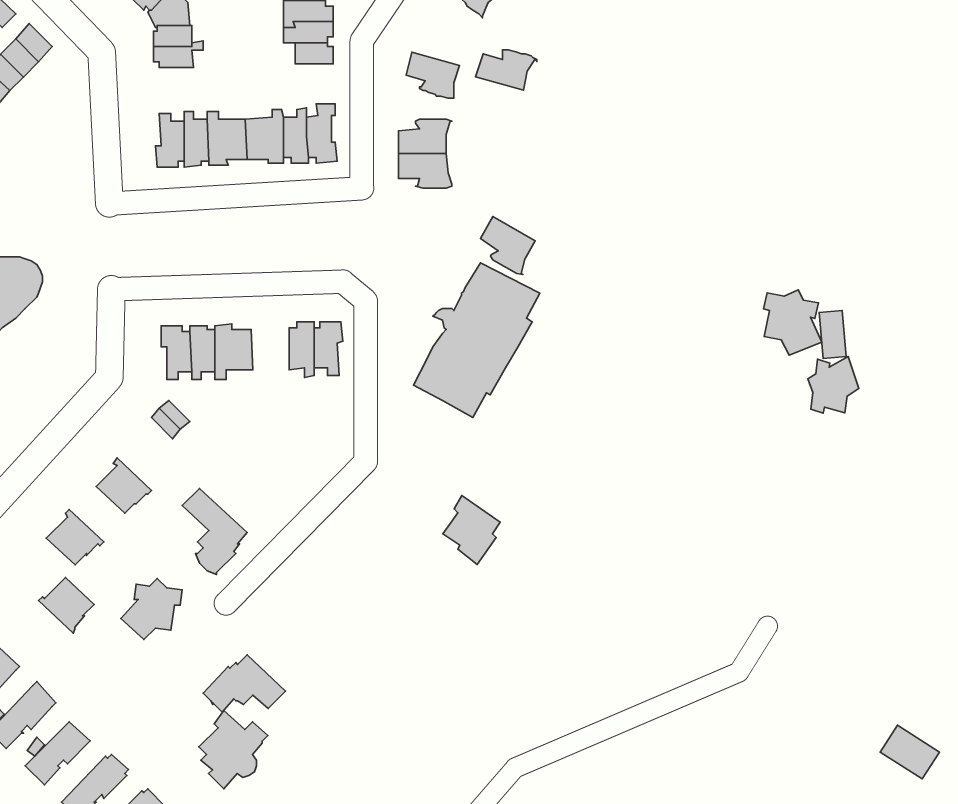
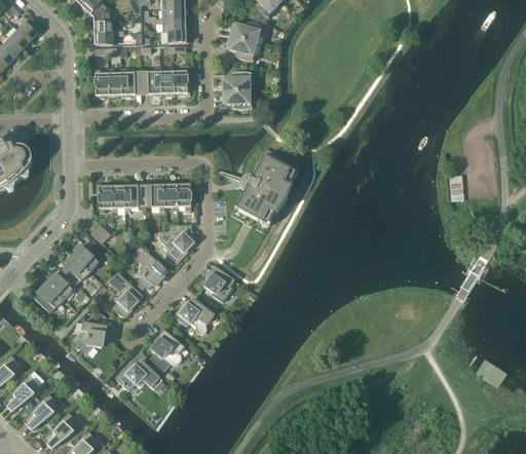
building: [476,50,537,90] -> [230,22,263,43]
building: [480,217,535,275] -> none
building: [763,290,822,355] -> none
building: none -> [144,182,165,211]
building: [808,357,859,413] -> none
building: none -> [150,230,194,263]
building: none -> [72,241,102,271]
building: none -> [132,244,166,288]
building: [443,496,500,564] -> [203,265,234,302]
building: none -> [175,298,214,333]
building: [39,578,94,633] -> [46,269,76,299]
building: [199,710,268,789] -> [150,329,187,371]
building: [880,725,940,779] -> [475,357,506,386]

